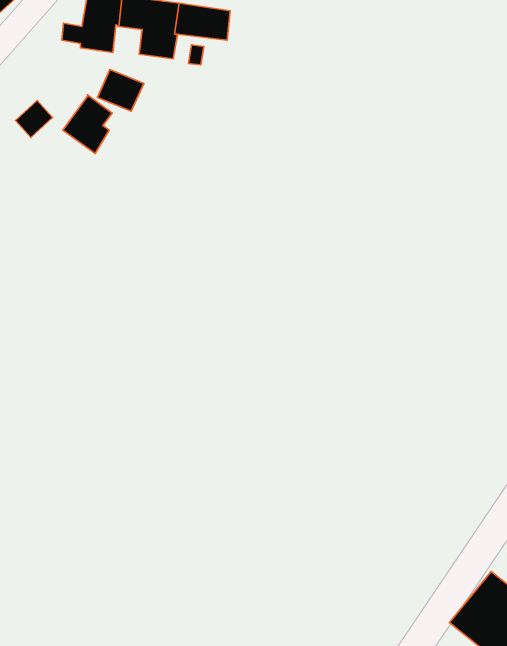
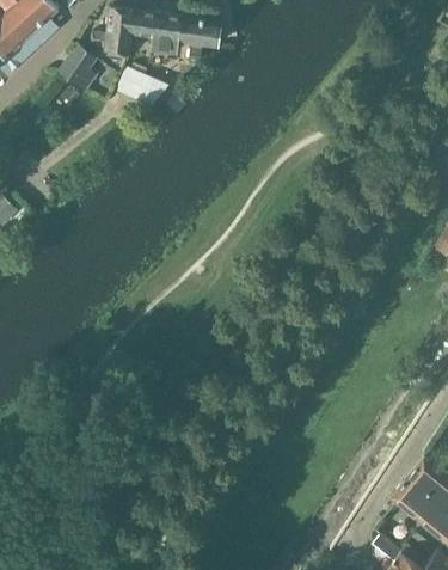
building: [63,95,112,153] -> [59,44,97,90]

